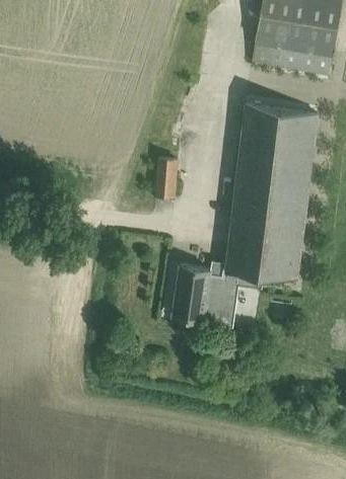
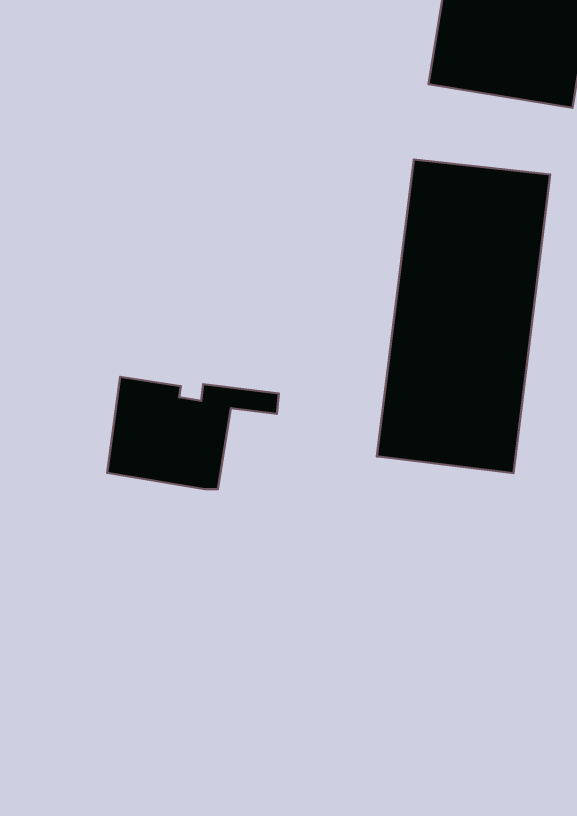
building: [154,155,180,197] -> none
building: [171,262,266,324] -> [107,377,279,489]

